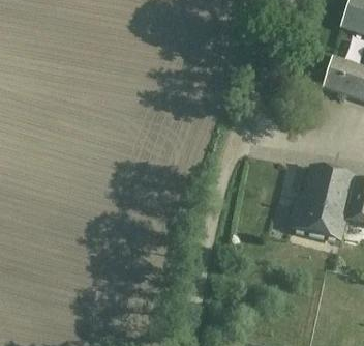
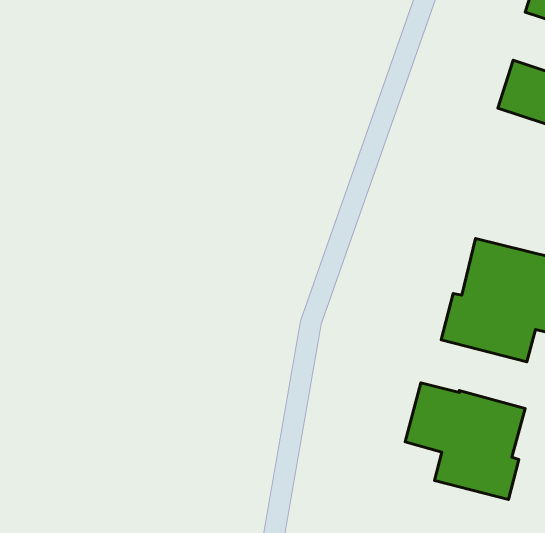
building: none -> [405,383,525,500]

